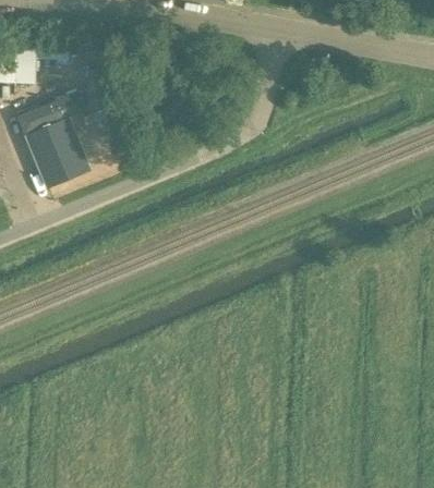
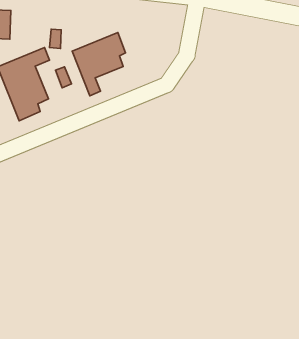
building: none -> [72,33,126,96]

